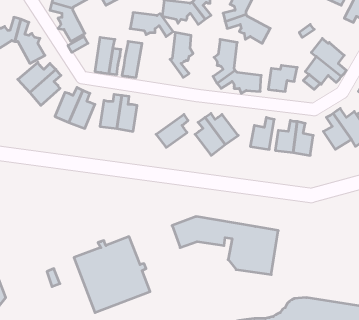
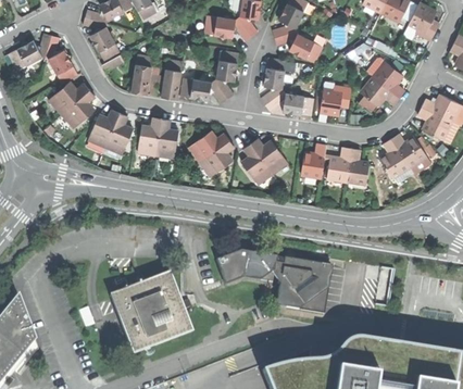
building: [130,13,173,37] -> [180,78,227,104]
building: none -> [187,129,228,161]

